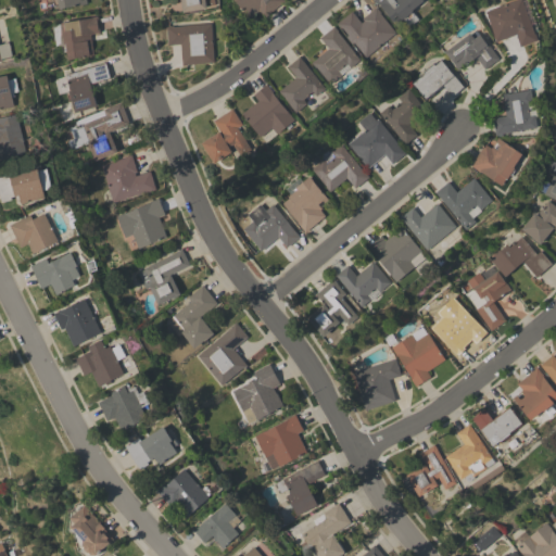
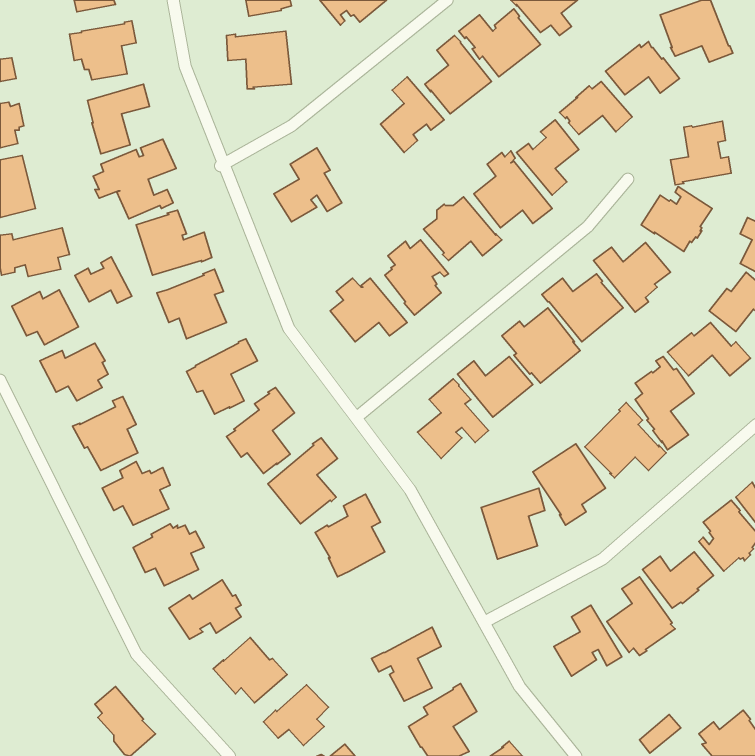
building: [242,84,295,137] -> none
building: none -> [75,257,132,303]
building: [255,414,307,469] -> none

